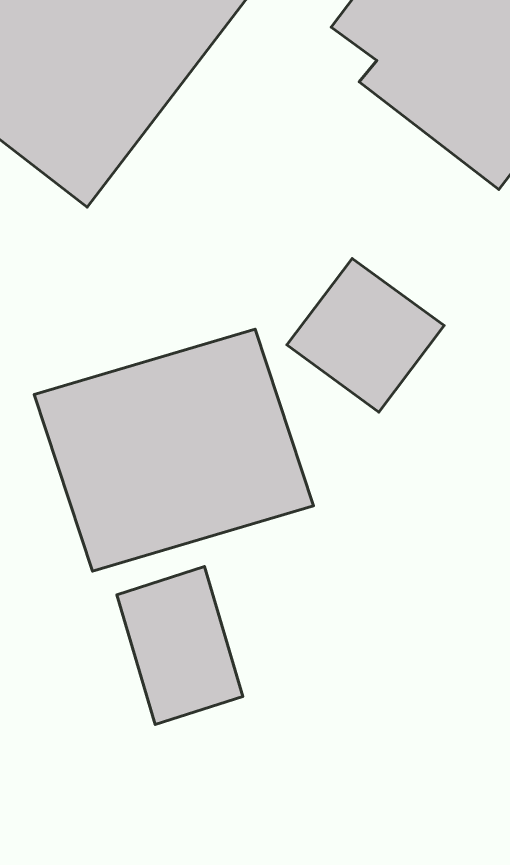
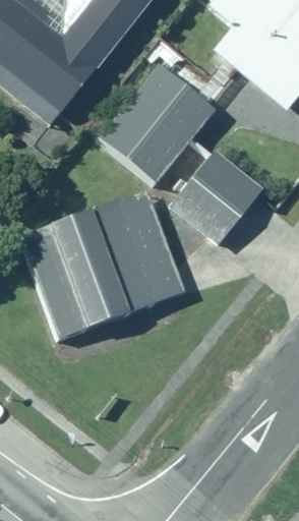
building: none -> [100,64,217,182]
building: [117,567,243,724] -> none

